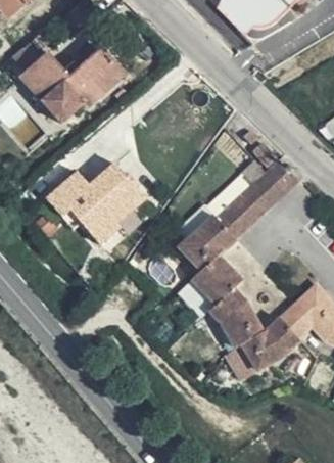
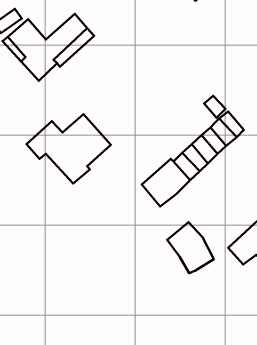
building: [193,256,243,304] -> none
building: [242,318,300,369] -> none

